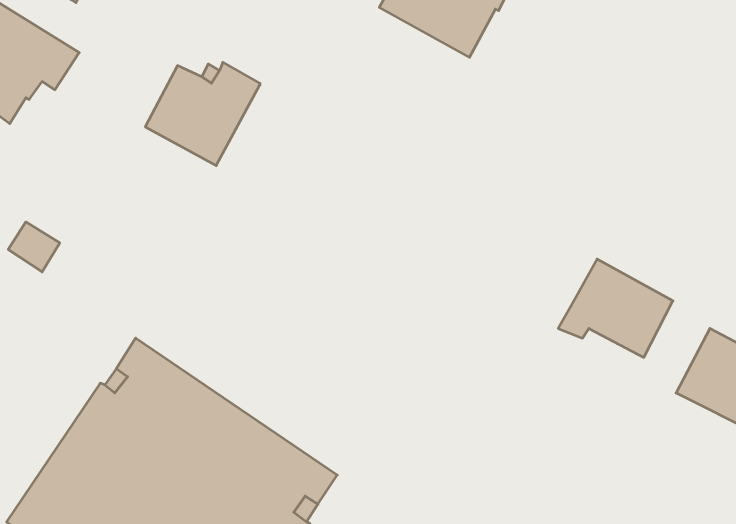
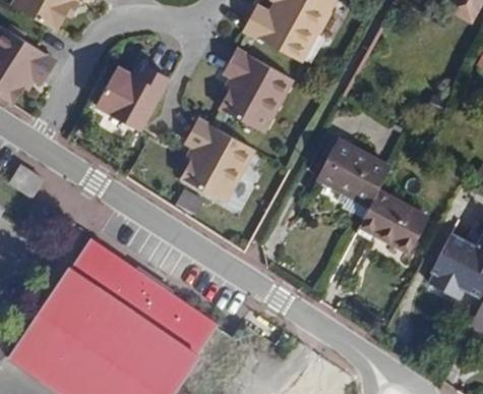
building: none -> [206,57,291,134]
building: none -> [179,119,252,204]
building: none -> [317,139,390,219]

